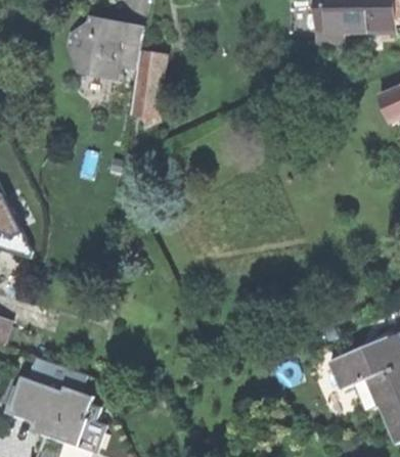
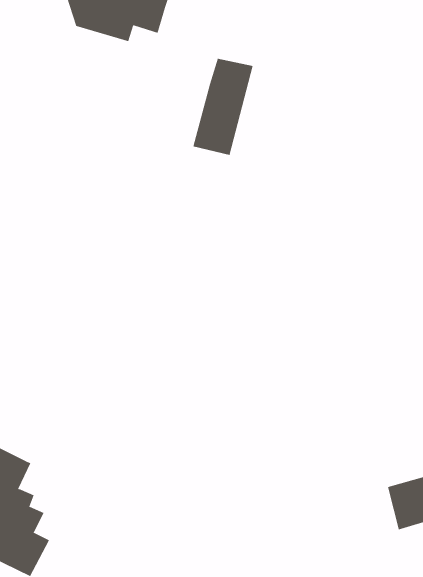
building: [129,52,164,118] -> [193,58,253,156]

